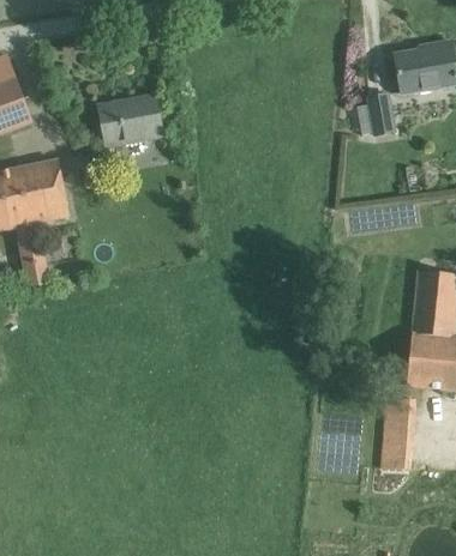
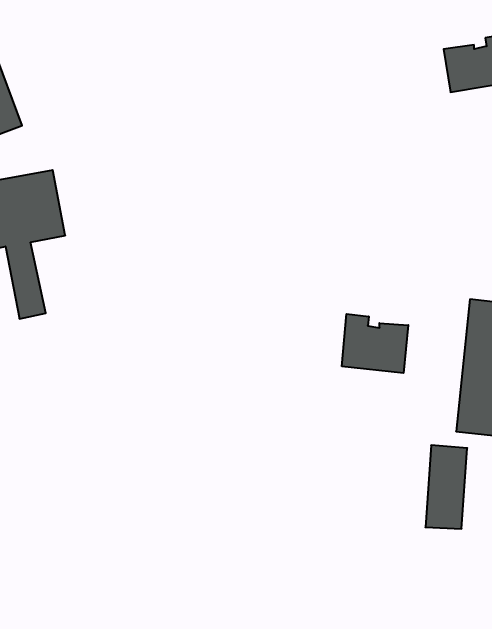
building: [367,92,394,135] -> none
building: [98,95,162,147] -> none
building: none -> [342,314,408,373]

